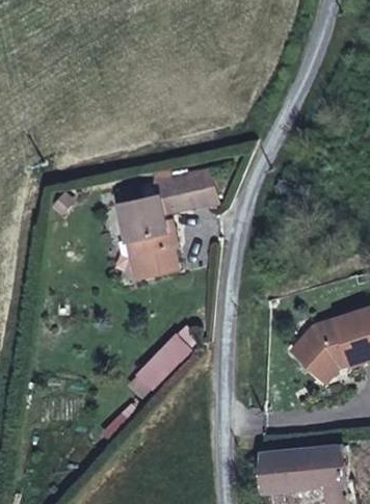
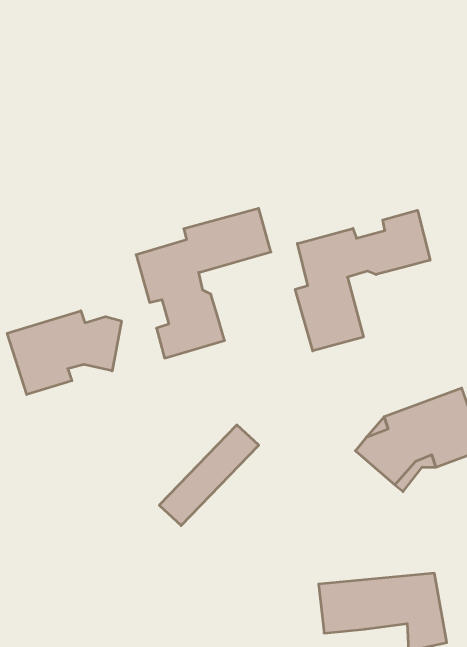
building: none -> [295,210,430,351]
building: none -> [7,311,121,395]

